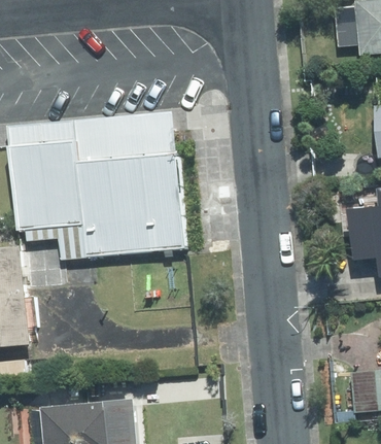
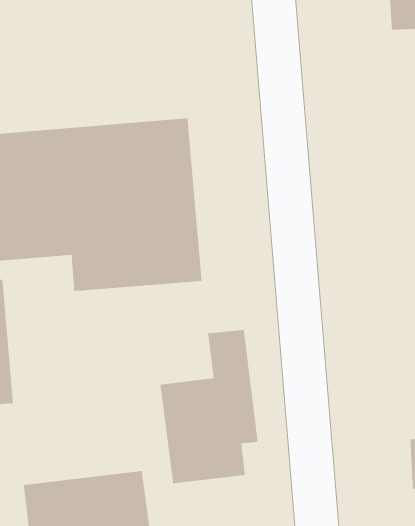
building: none -> [160,329,259,484]

